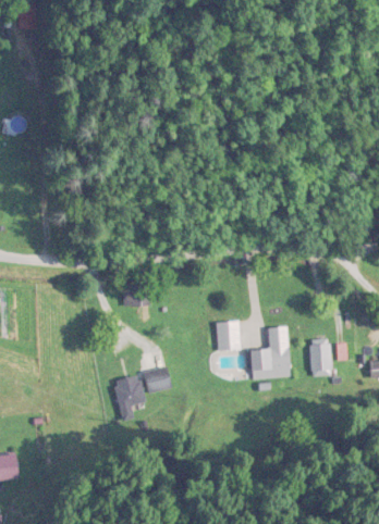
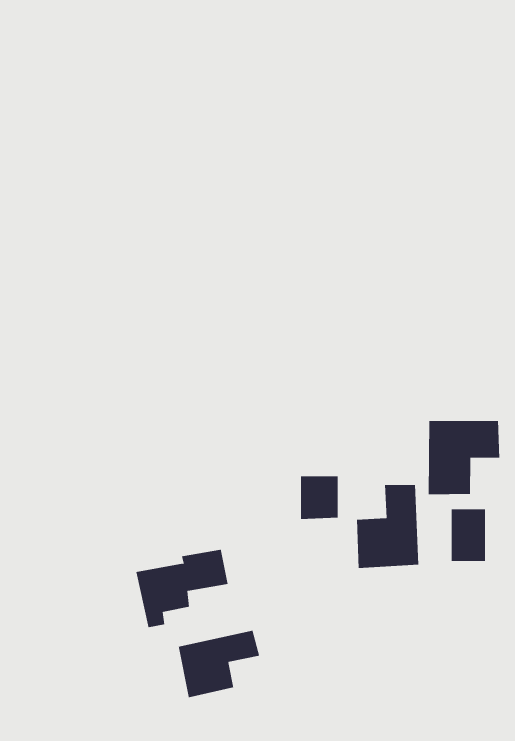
building: none -> [428,420,500,495]
building: none -> [178,630,260,698]

